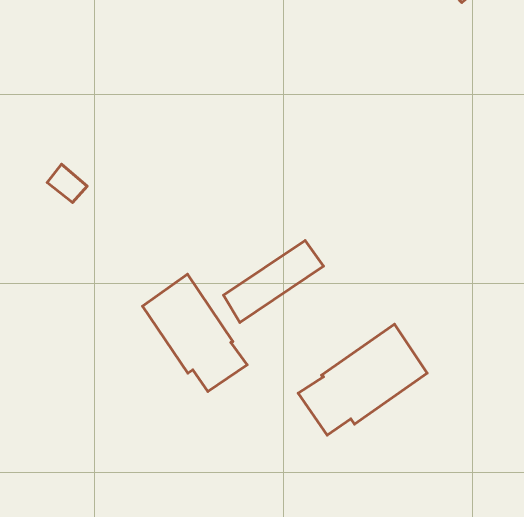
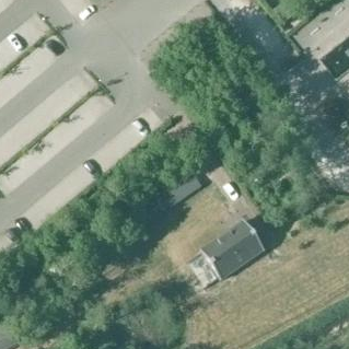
building: [143,274,247,391] -> none

